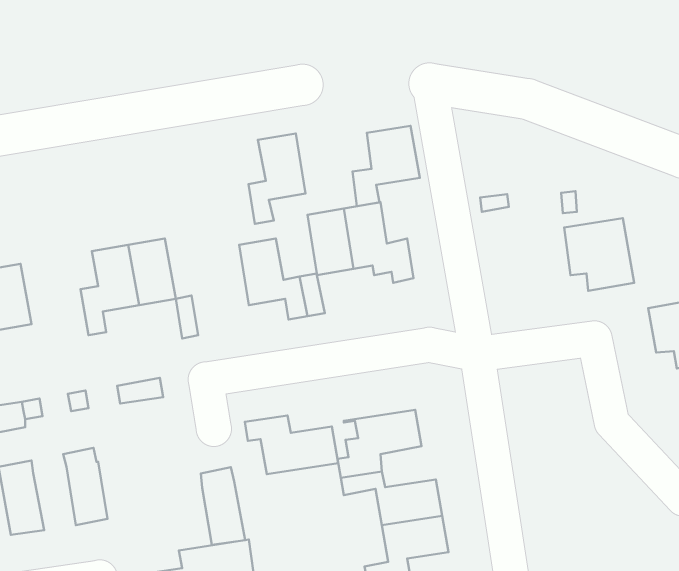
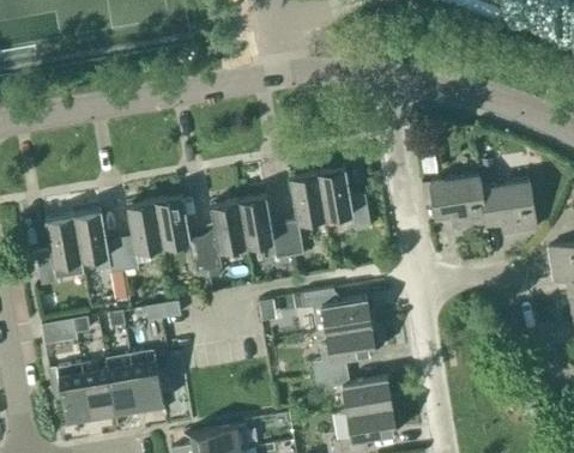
building: [352,126,420,206] -> none
building: [248,133,305,224] -> [201,200,244,268]
building: none -> [429,175,488,229]
building: none -> [72,210,123,271]
building: [245,415,338,474] -> [300,289,370,333]
building: none -> [80,361,114,416]
building: [201,467,245,545] -> [129,349,163,407]

